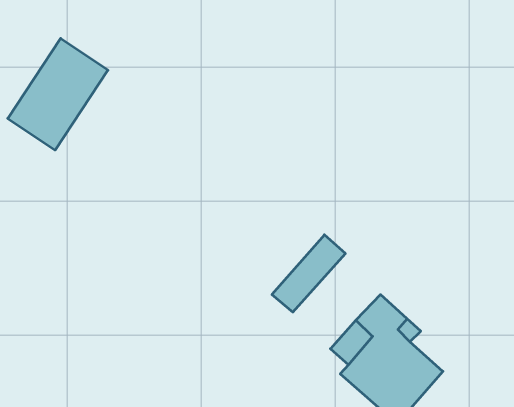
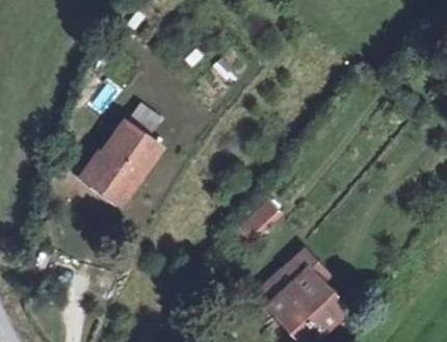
building: [8,38,108,150] -> [83,124,158,205]

